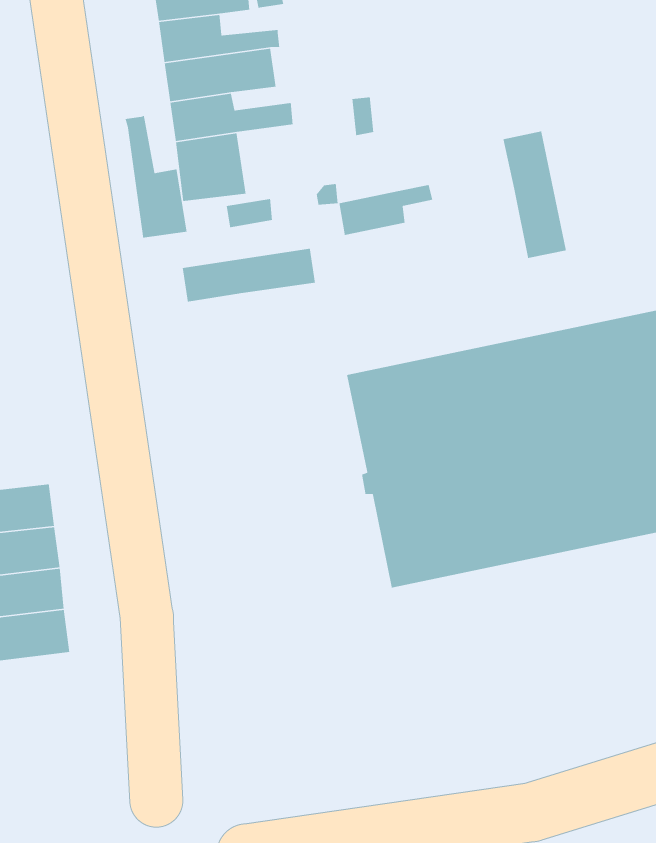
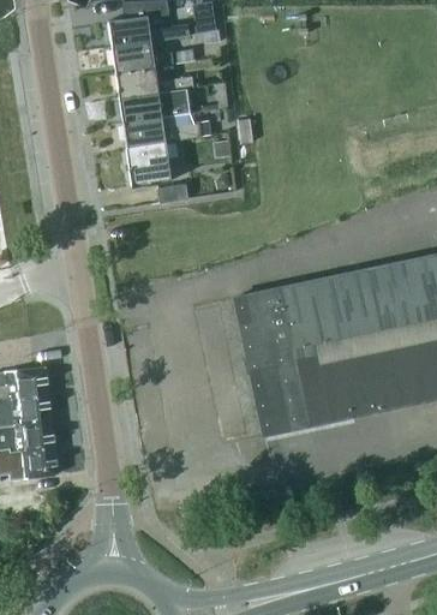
building: [124,115,187,239] -> none
building: [502,131,567,259] -> none
building: [338,184,433,236] -> none
building: [182,248,316,303] -> none

